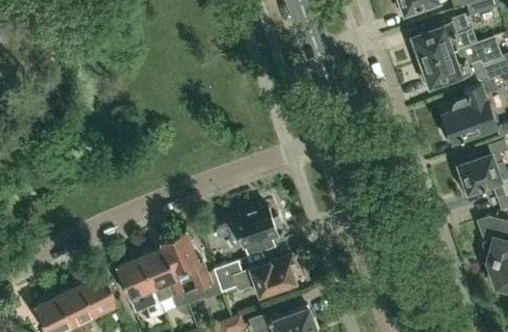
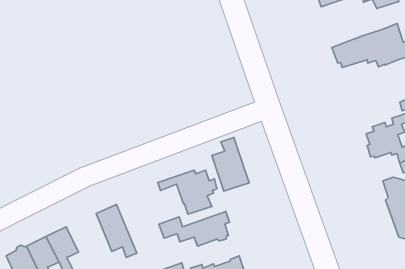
building: [411,15,475,63] -> none
building: [442,79,497,141] -> none
building: none -> [212,137,249,191]
building: [162,232,222,305] -> none
building: [115,258,162,316] -> none

